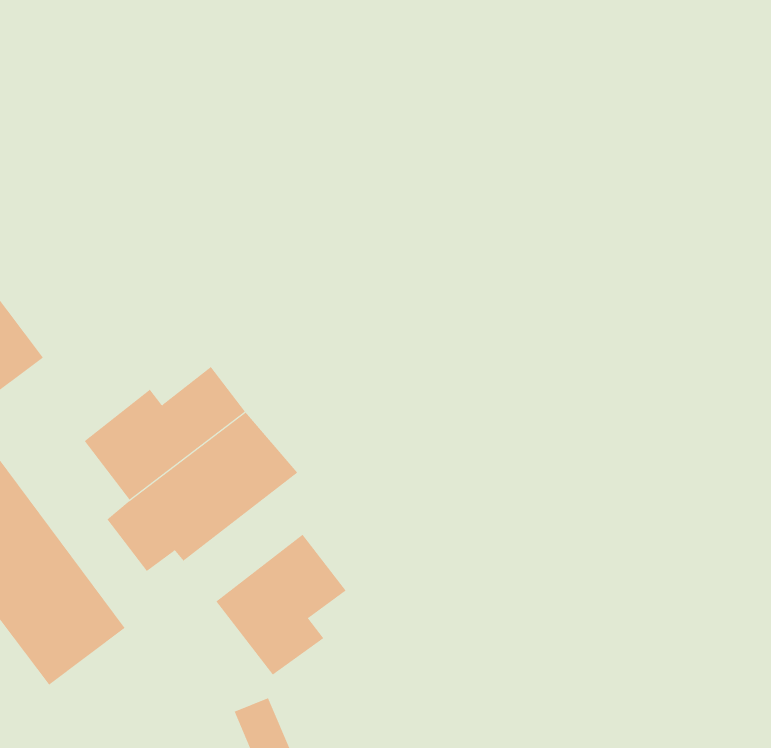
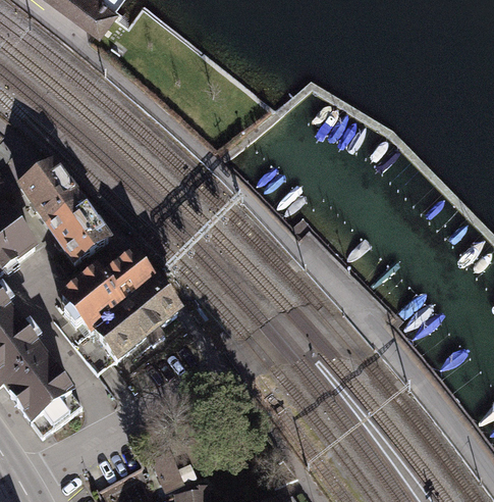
building: none -> [13,150,110,259]
building: [215,534,346,676] -> none

